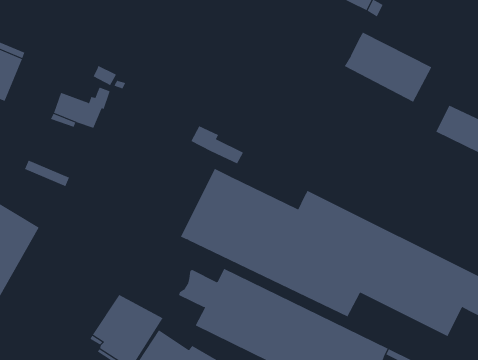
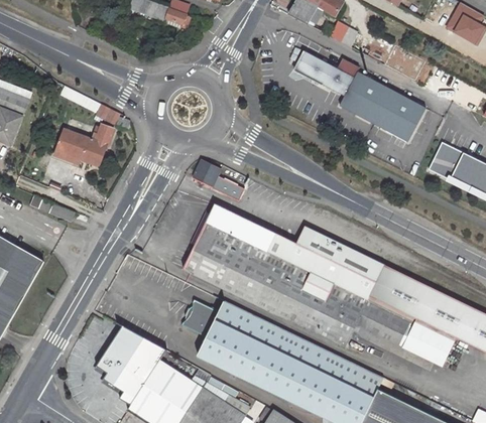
building: none -> [295,51,355,95]

